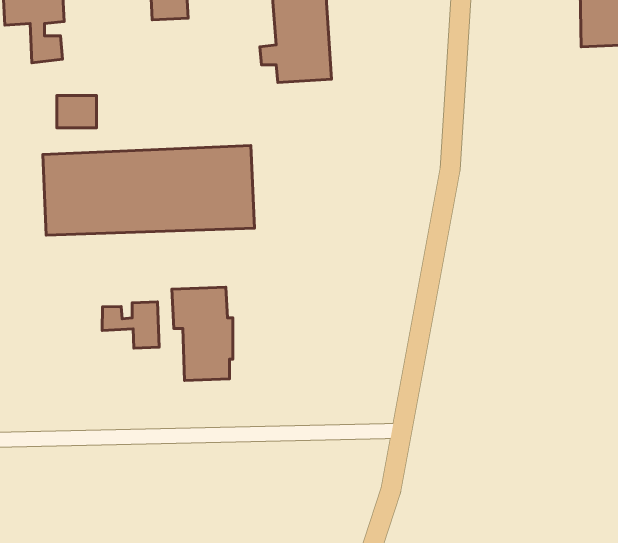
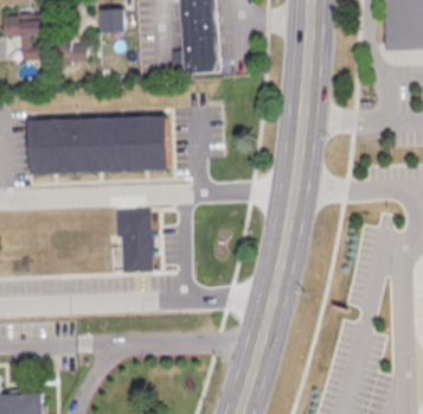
building: [57,95,96,128] -> [59,43,85,64]
building: [102,302,159,348] -> none

